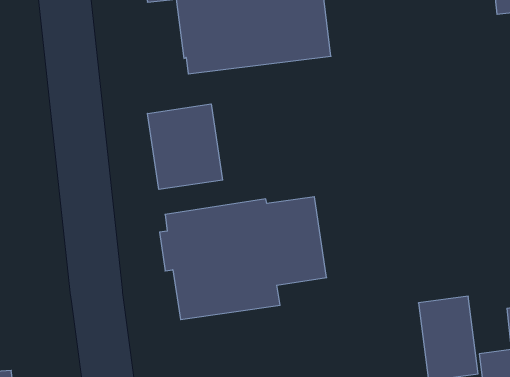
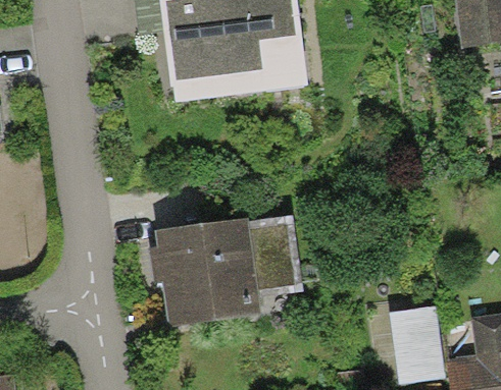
building: [147,104,223,189] -> none

